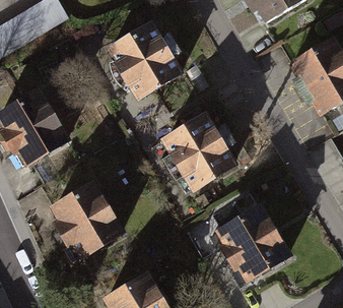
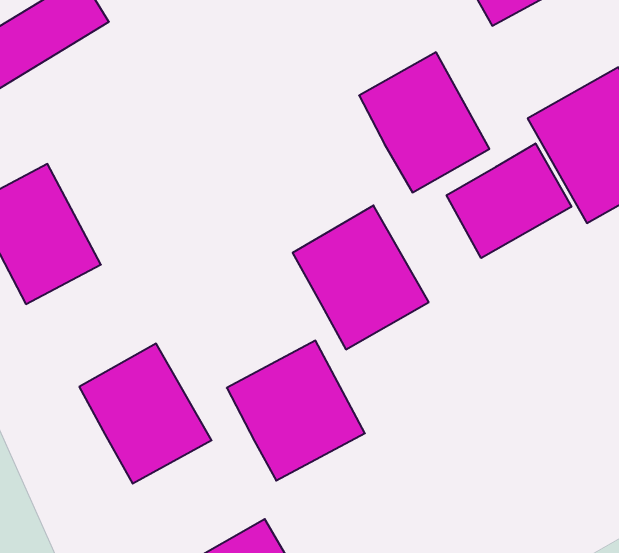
building: [112,19,179,91] -> [359,52,489,192]
building: none -> [447,143,571,258]
building: [216,201,287,273] -> [227,341,365,481]

